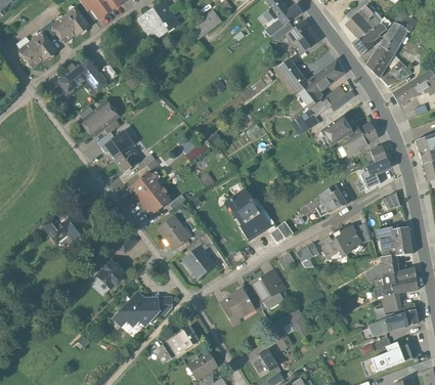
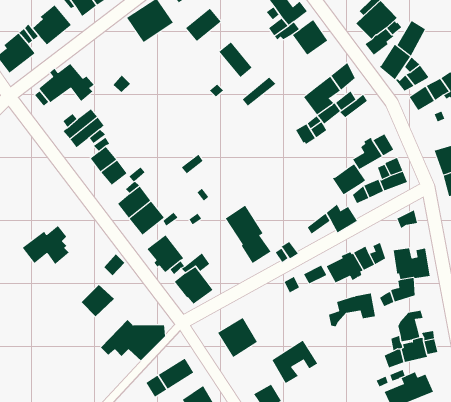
building: [277,58,308,91] -> [219,42,253,78]
building: [321,118,352,146] -> [332,163,366,195]
building: [375,267,418,298] -> [328,293,376,327]
building: [253,271,287,309] -> none

